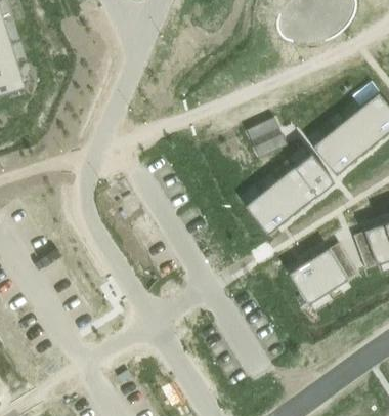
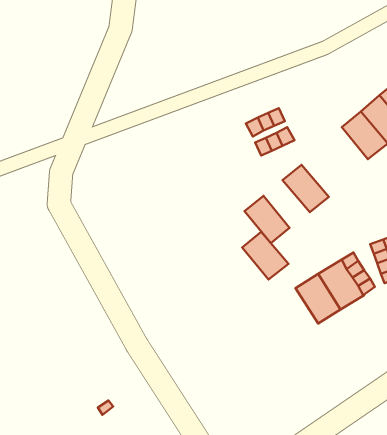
building: [312,134,351,175] -> none
building: [294,154,334,195] -> none
building: [261,180,301,221] -> [242,232,288,279]

